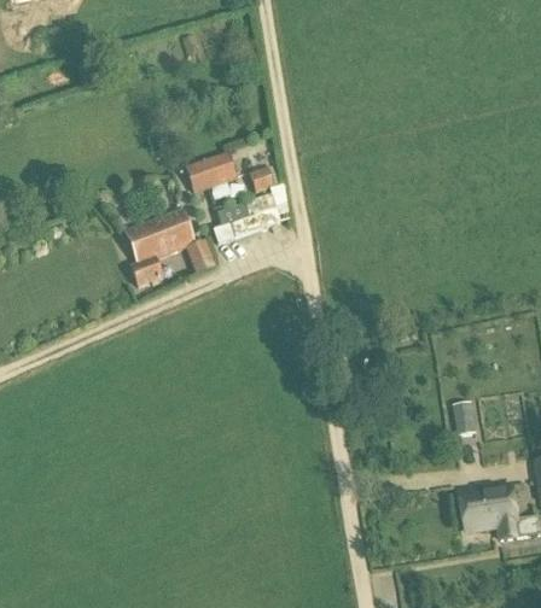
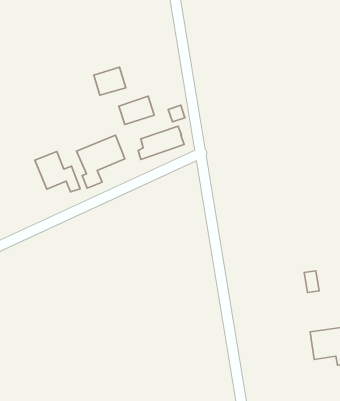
building: none -> [94,67,126,95]
building: none -> [35,151,80,192]

